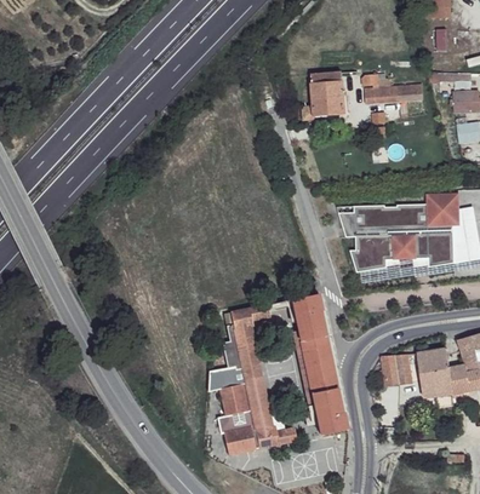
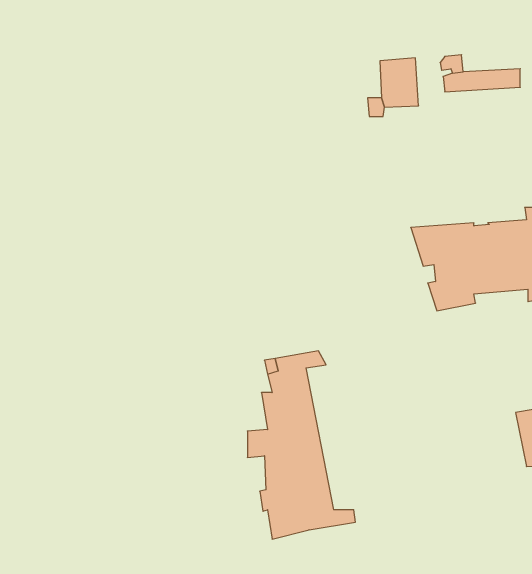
building: [293,295,347,433] -> none
building: [382,354,415,385] -> none

